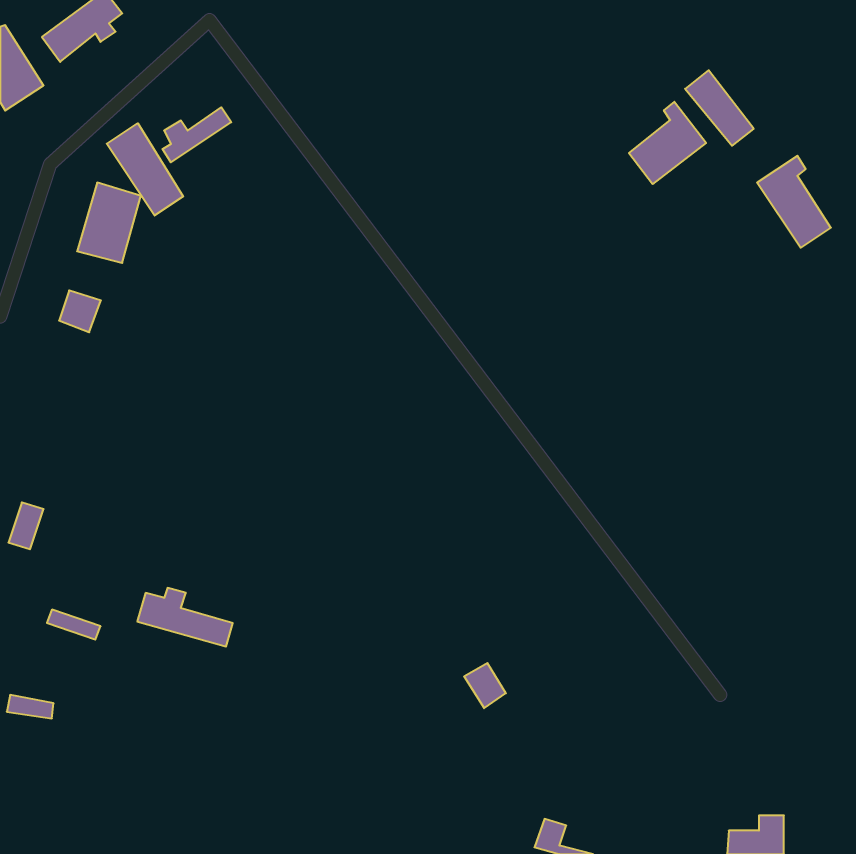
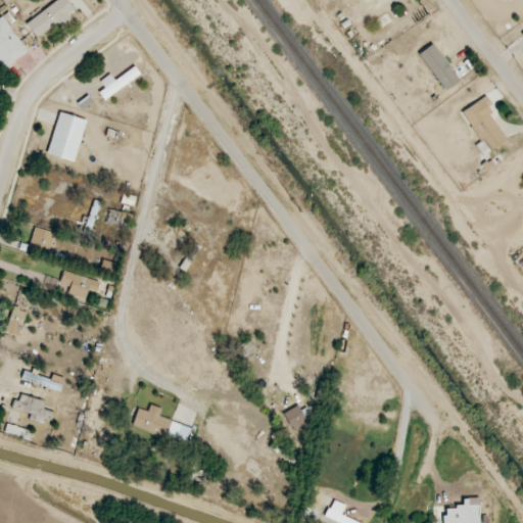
building: [629,102,706,184] -> none
building: [107,123,183,216] -> none
building: [59,290,101,332] -> [30,226,55,251]
building: none -> [60,272,99,298]
building: [137,588,233,647] -> [132,405,190,440]
building: none -> [13,392,54,423]

